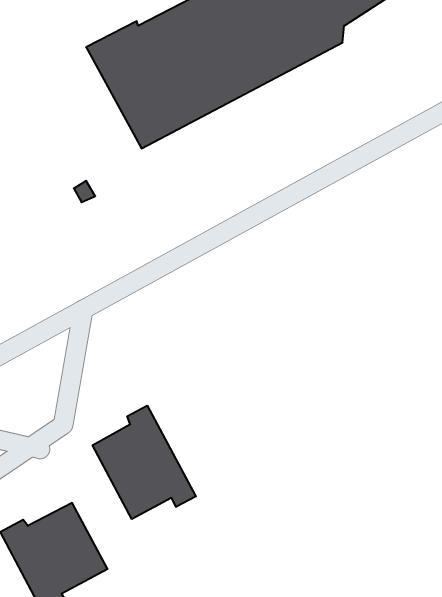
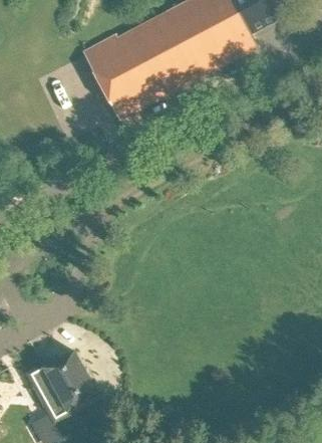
building: [93,406,196,519] -> none

